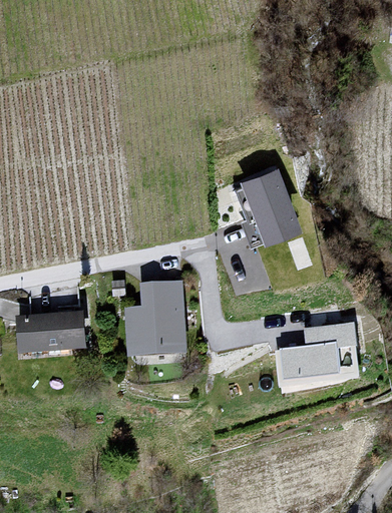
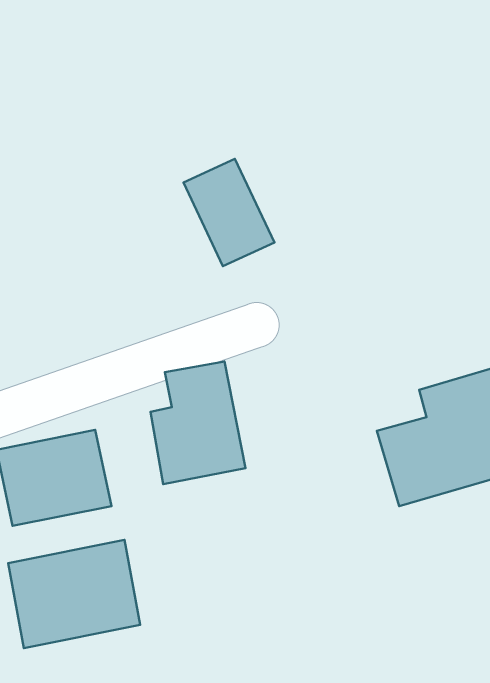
building: [244,172,296,239] -> [183,159,274,266]
building: none -> [8,540,140,648]

